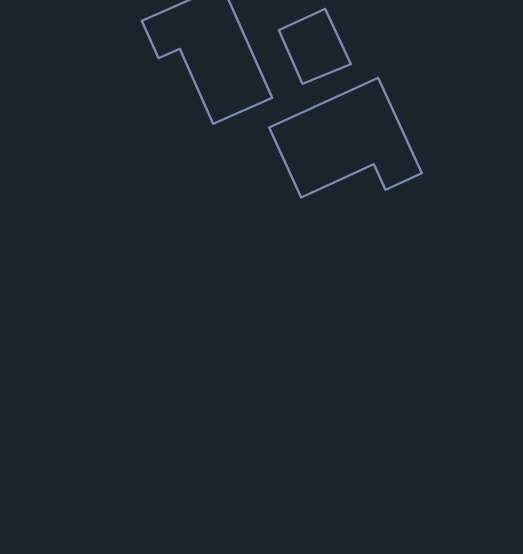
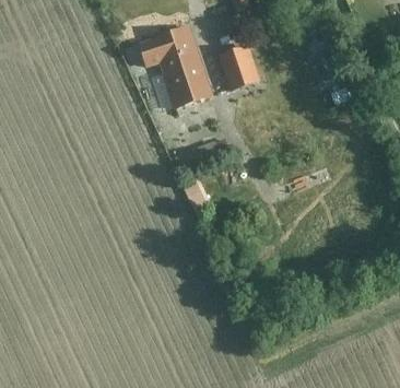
building: [269,78,422,197] -> none

